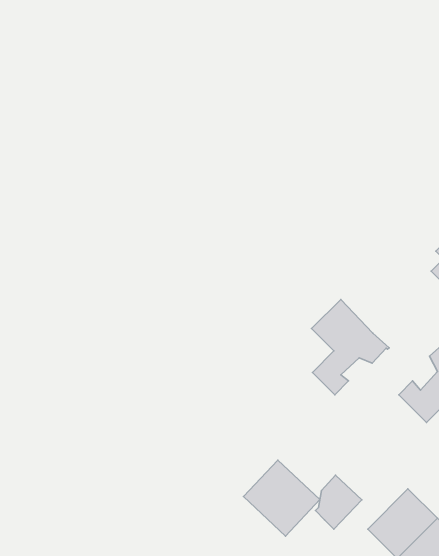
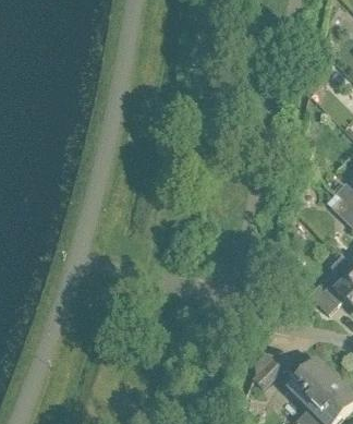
building: [312,299,389,395] -> none
building: [244,460,320,536] -> none

